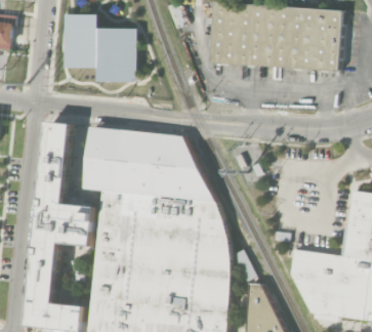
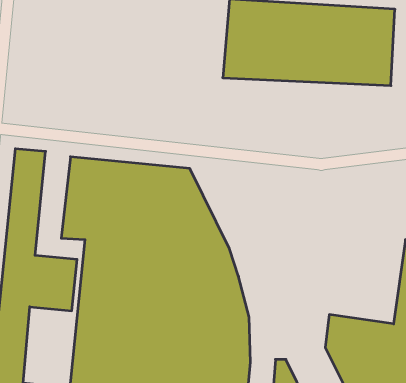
building: [65,14,135,82] -> none

